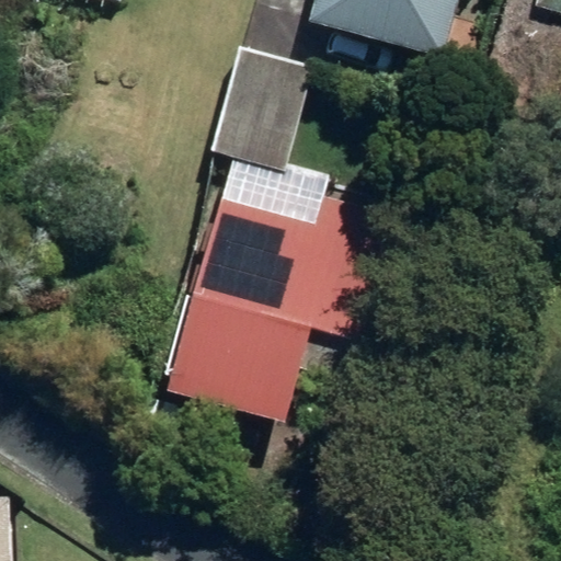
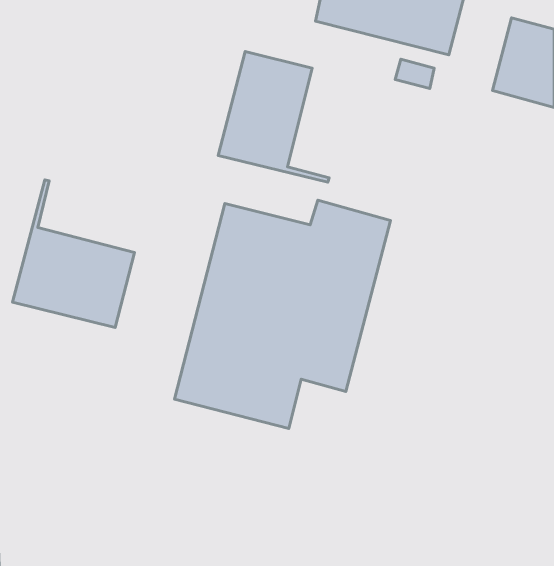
building: none -> [13,180,134,328]

